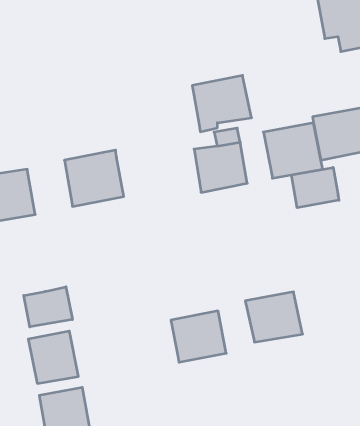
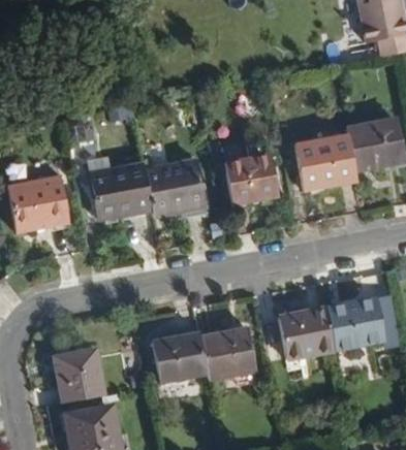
building: [192,75,252,132] -> [146,158,207,216]
building: [291,167,339,208] -> none
building: none -> [327,297,385,350]
building: [24,287,72,327] -> none
building: none -> [153,330,209,382]

